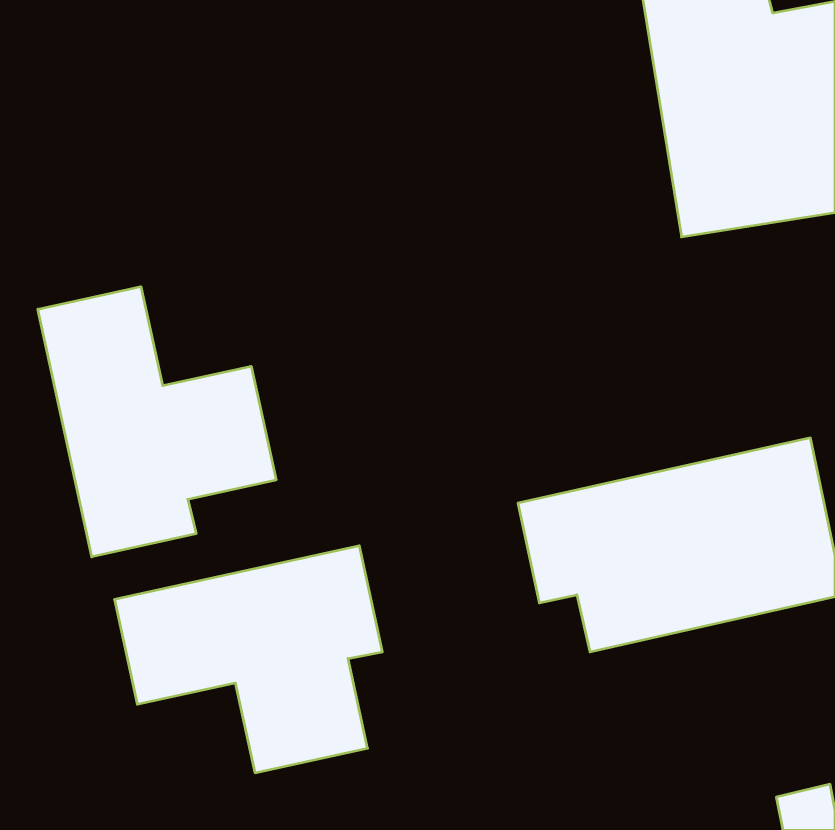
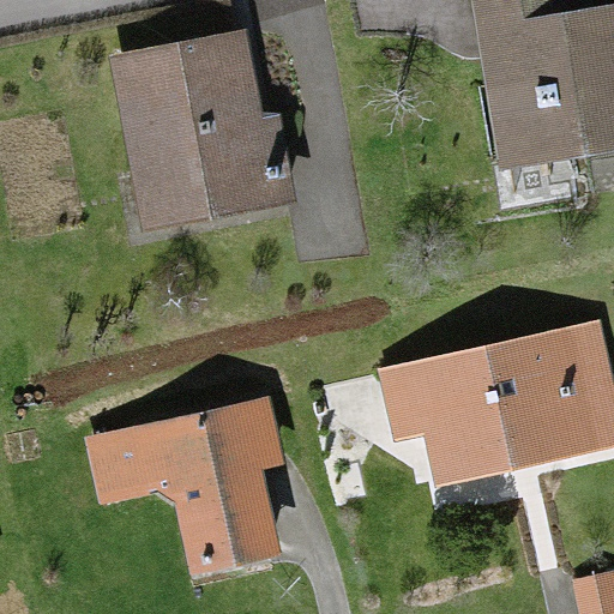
building: none -> [110,26,285,229]
building: [38,287,276,557] -> none

